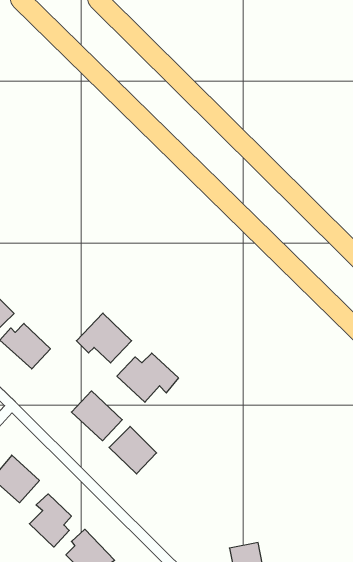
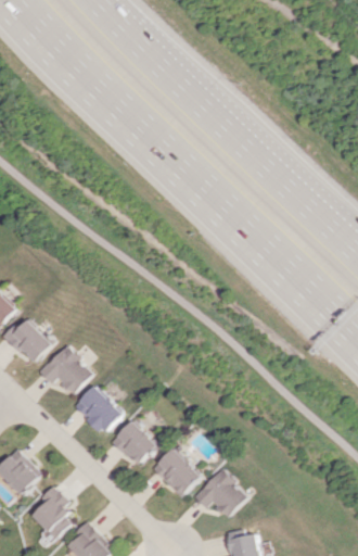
building: [76,313,132,363] -> [38,345,92,394]
building: [117,353,178,402] -> none
building: none -> [150,447,201,497]
building: none -> [192,469,246,518]

